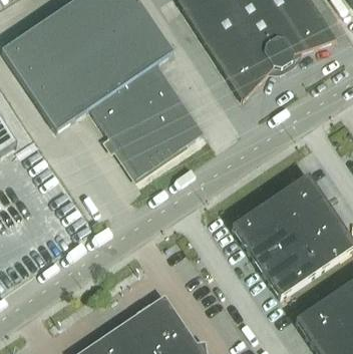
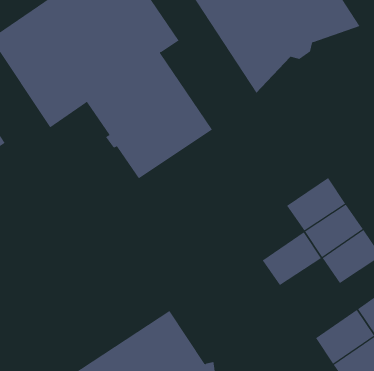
building: [232,201,286,250] -> none
building: [264,248,318,297] -> none

